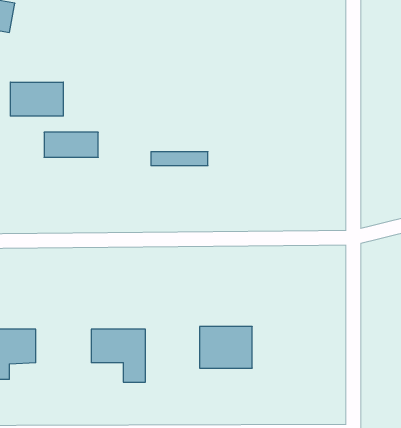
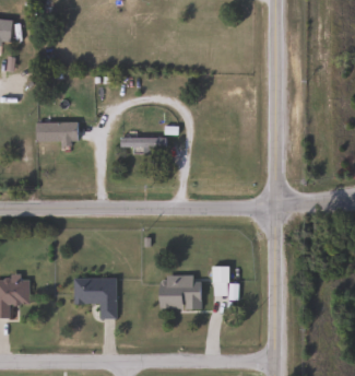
building: [10,82,63,116] -> none
building: none -> [213,267,228,295]

